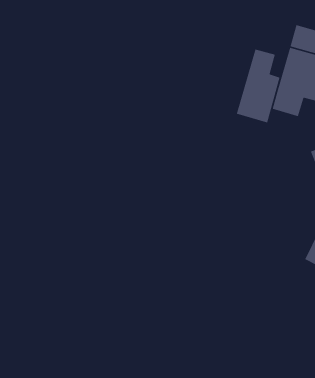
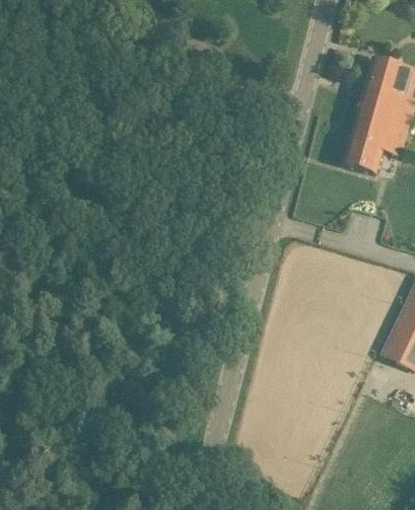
building: [236,48,281,123] -> none

